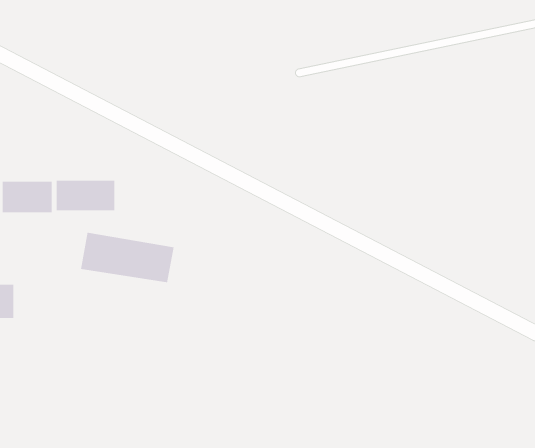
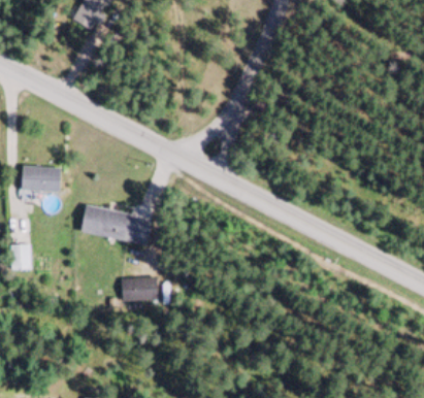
building: [56,180,115,211] -> none
building: none -> [122,277,158,301]

